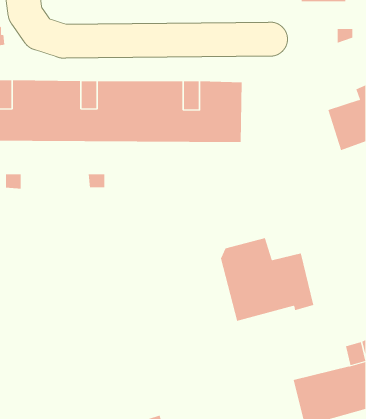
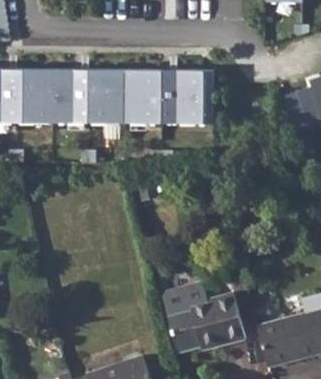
building: [220,238,314,321] -> [163,280,244,352]

